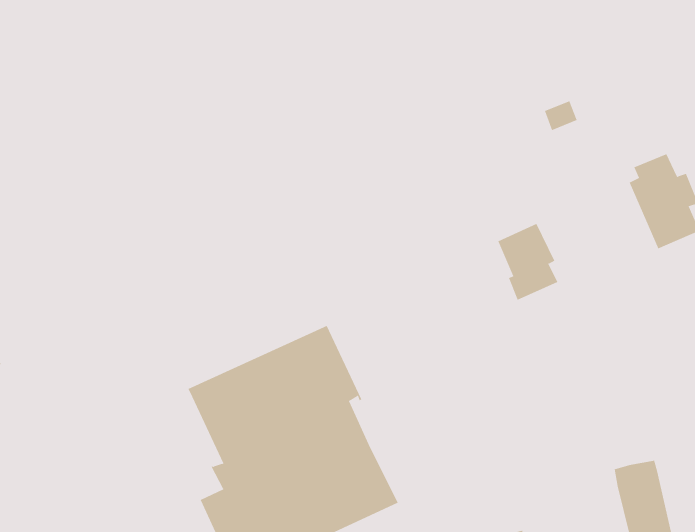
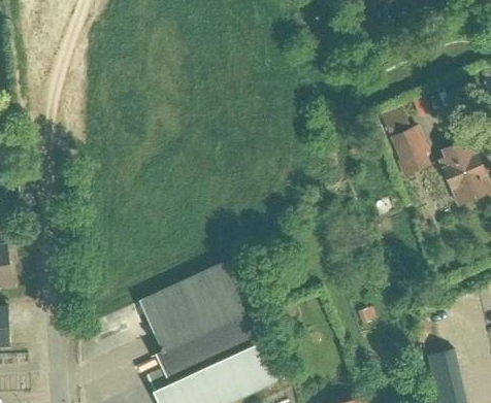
building: [497,223,558,300] -> [388,125,429,177]

